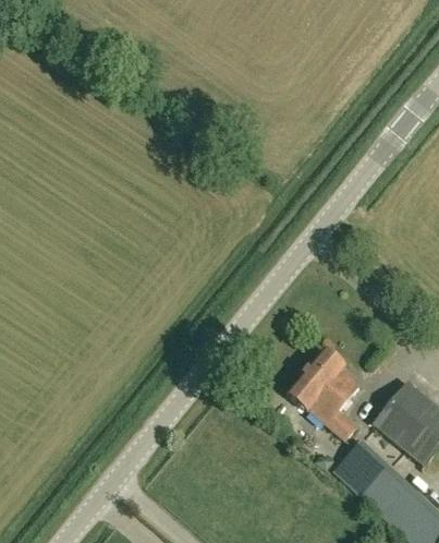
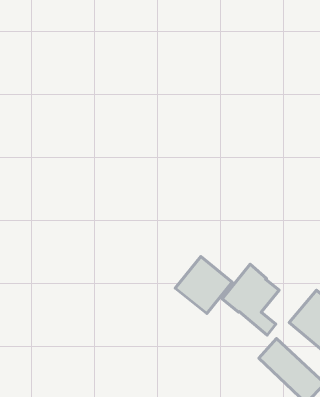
building: none -> [175,257,232,314]

